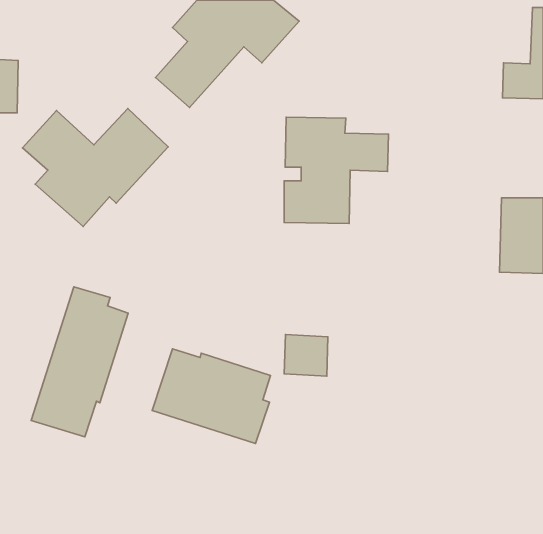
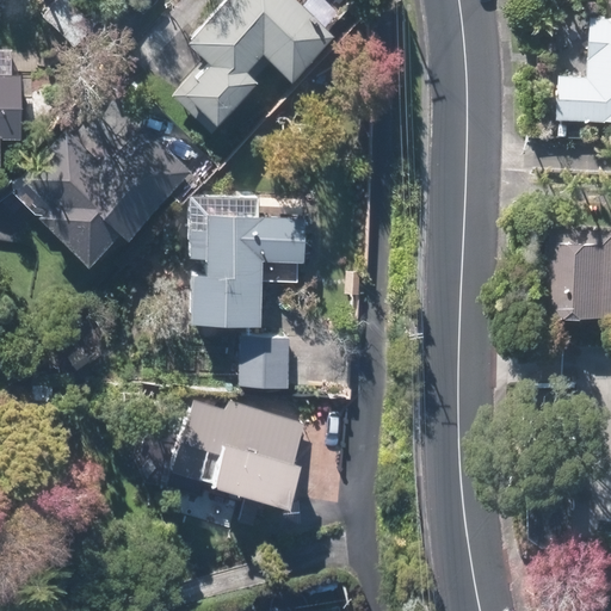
building: [284,117,388,224] -> [189,202,306,321]
building: [31,287,128,437] -> none
building: [284,335,328,376] -> [239,340,288,387]

